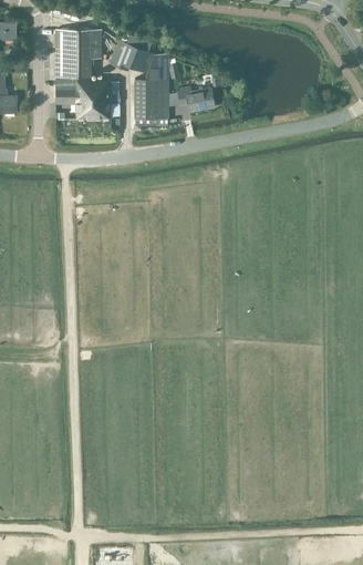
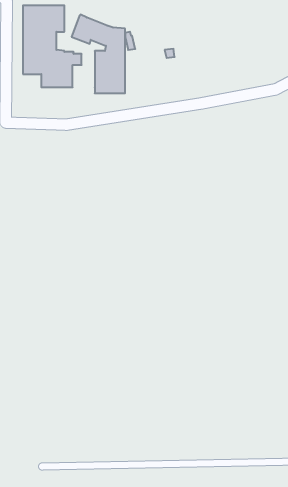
building: [177,86,215,112] -> none

